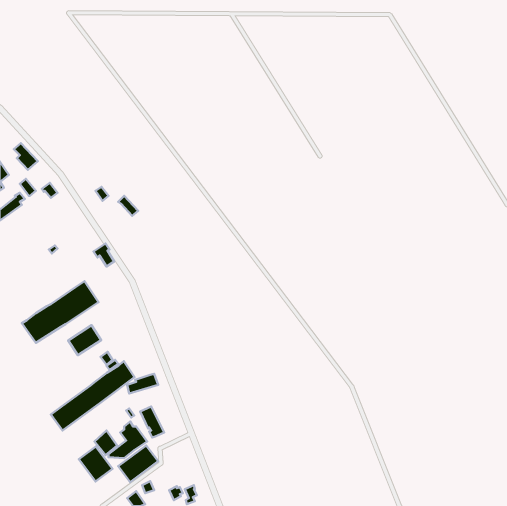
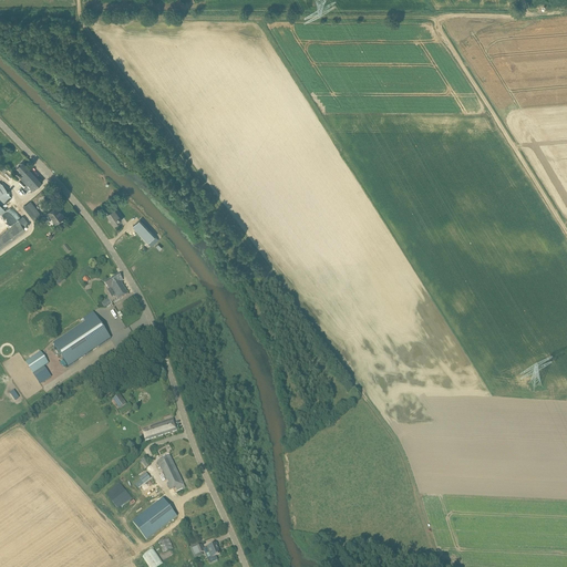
building: [68,325,101,355] -> none
building: [51,361,135,431] -> none
building: [79,446,113,482] -> none

